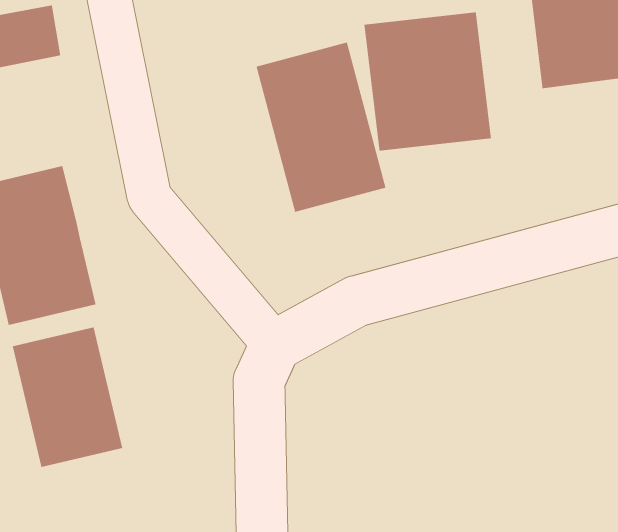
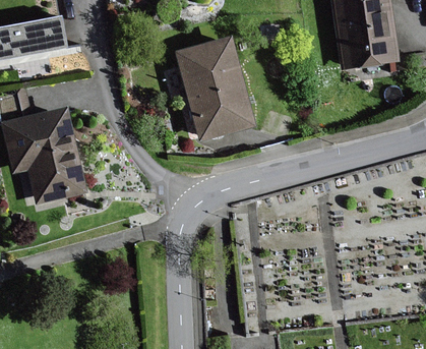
building: [364,12,492,152] -> none
building: [12,327,123,468] -> none

